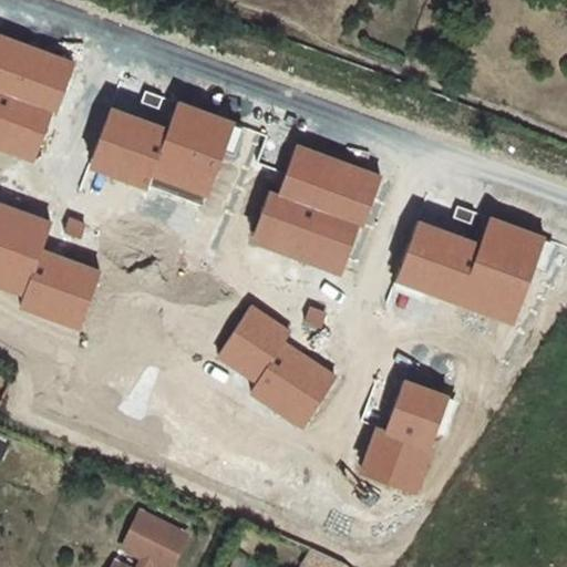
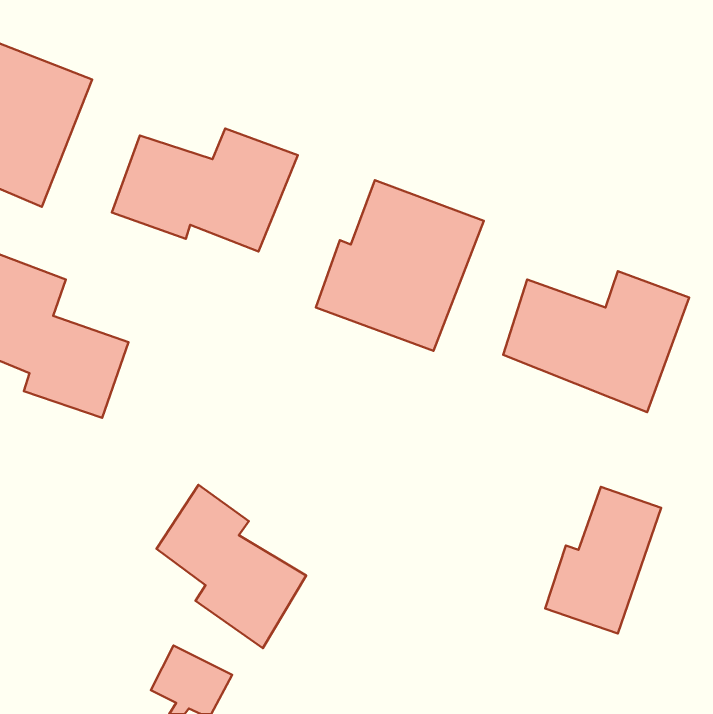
building: [217,303,336,433] -> [156,485,306,648]
building: [359,379,451,495] -> [545,487,661,634]

